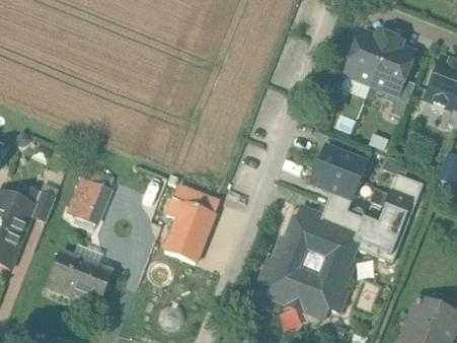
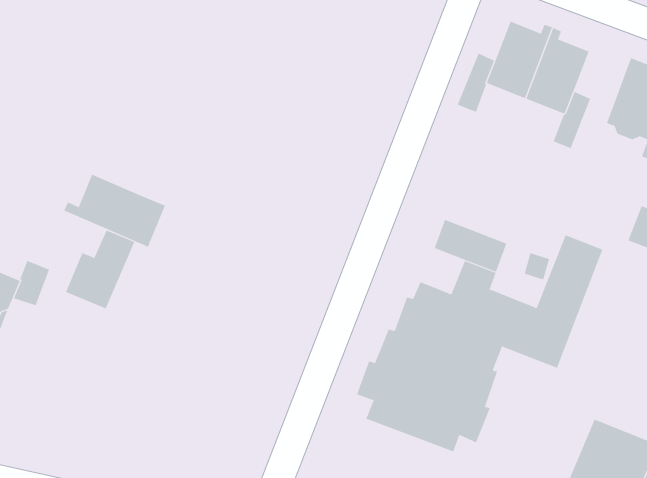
building: none -> [63,174,166,248]
building: [318,144,367,179] -> none
building: [162,196,214,263] -> none
building: [49,252,110,295] -> none

